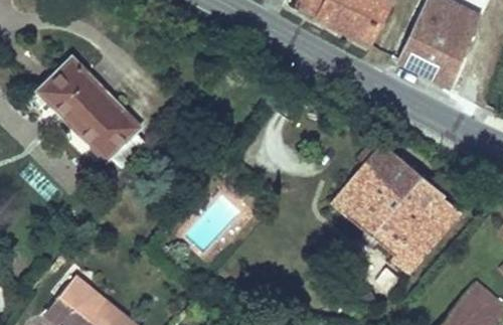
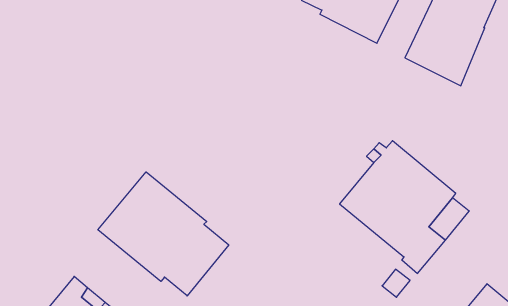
building: [38,55,148,169] -> none
building: none -> [98,172,229,296]

